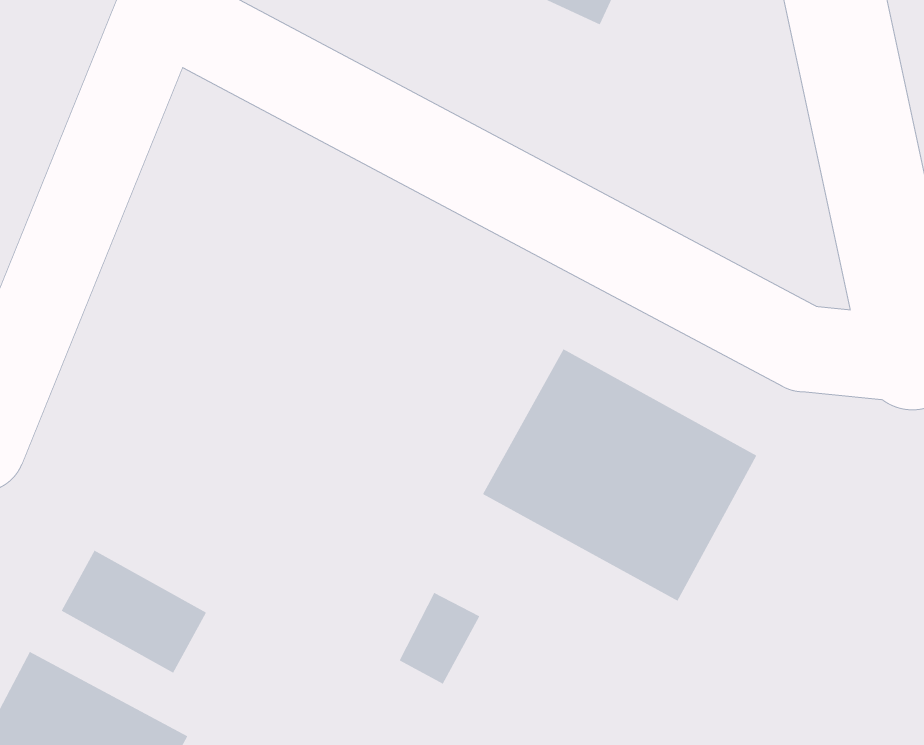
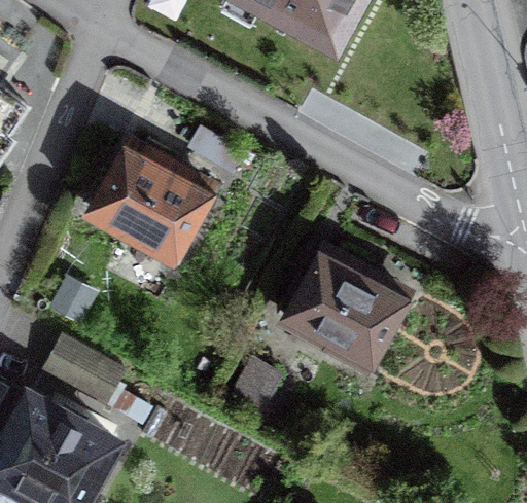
building: none -> [81,140,226,277]

